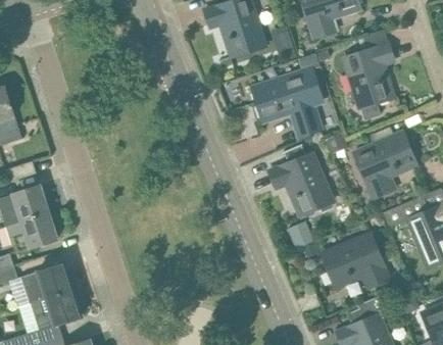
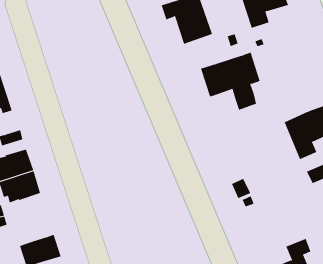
building: [344,43,394,120] -> none
building: [268,143,333,215] -> none
building: [322,233,390,288] -> none
building: [22,262,73,303] -> none

